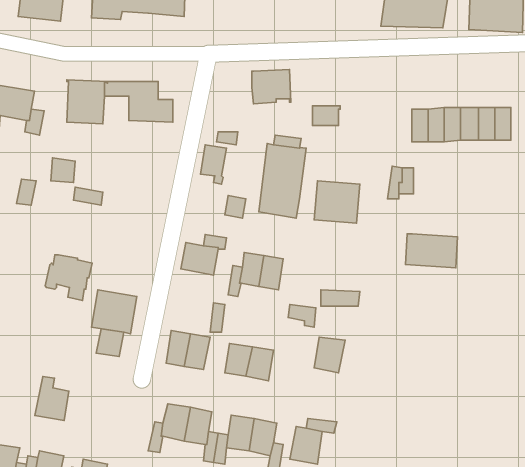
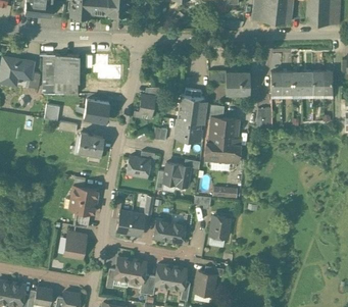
building: [252,70,291,104] -> [226,71,250,93]
building: none -> [42,55,78,95]
building: none -> [84,100,109,120]
building: [406,234,458,268] -> [206,142,239,163]
building: [45,255,92,301] -> [74,133,104,161]
building: [35,376,69,420] -> [64,231,86,258]

